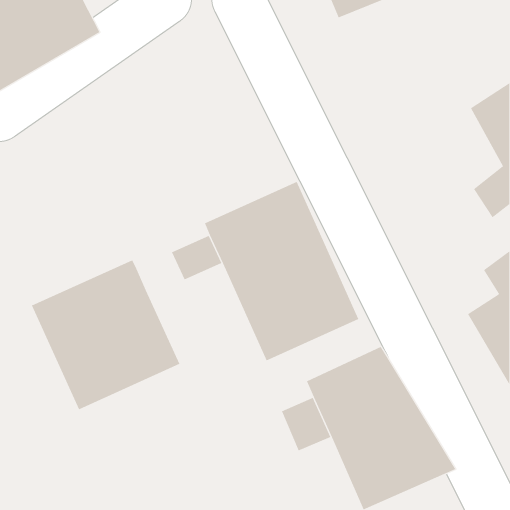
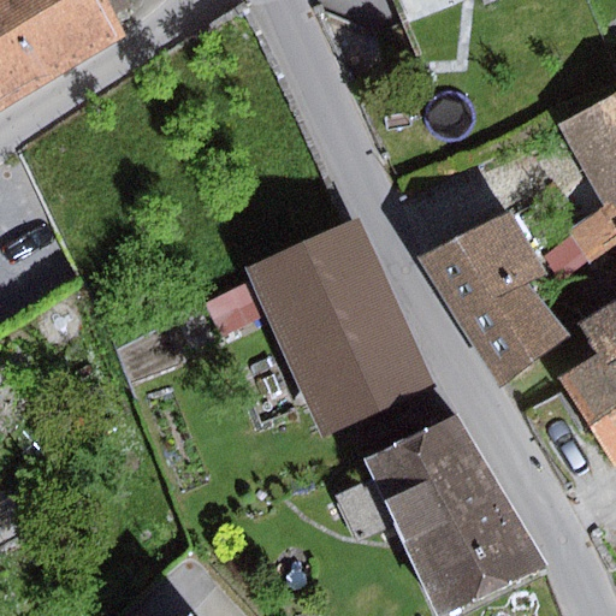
building: none -> [424,212,567,386]
building: [31,260,180,410] -> none

